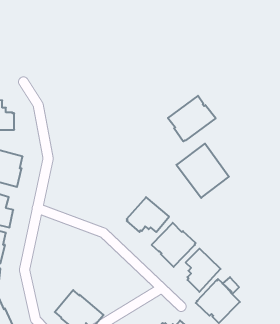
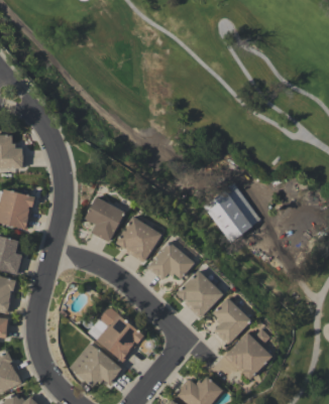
building: [168,96,216,141] -> none
building: none -> [85,195,125,242]
building: none -> [116,216,162,262]
building: none -> [97,305,144,362]

